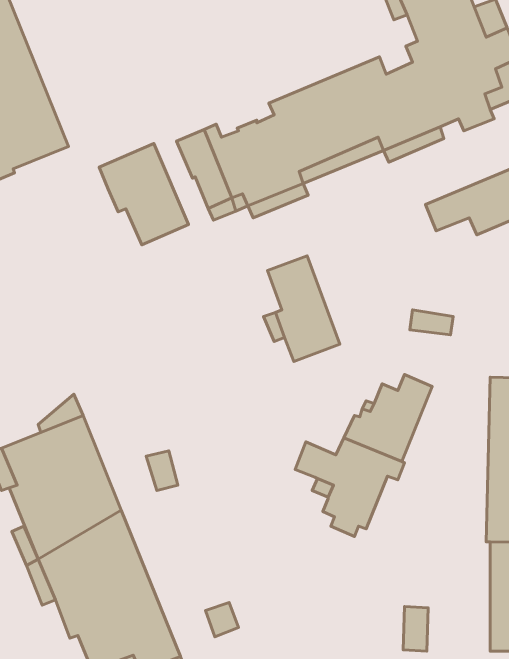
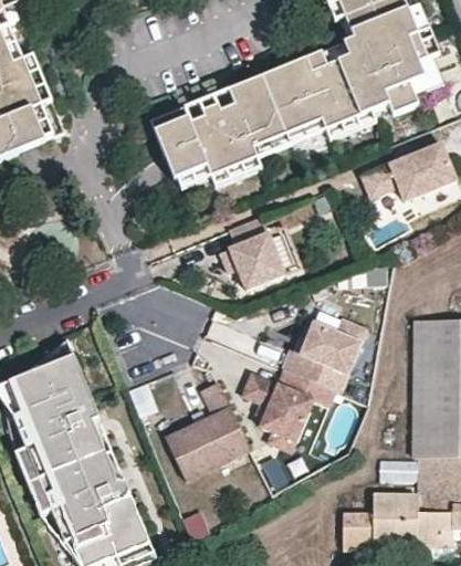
building: [99,144,188,245] -> none
building: none -> [168,388,256,490]
building: none -> [369,492,413,547]

